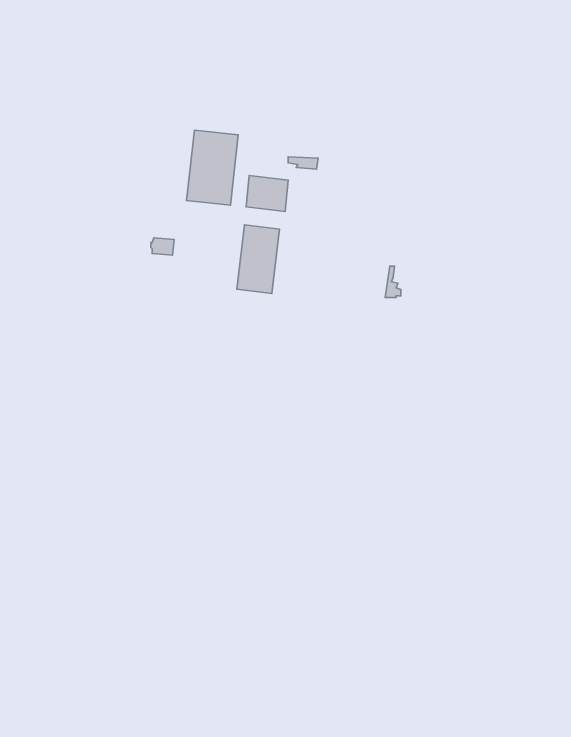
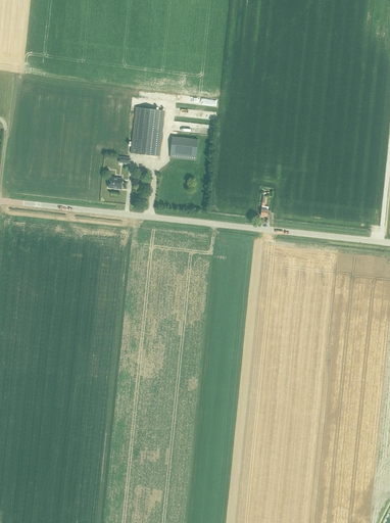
building: [237,225,280,293] -> none

